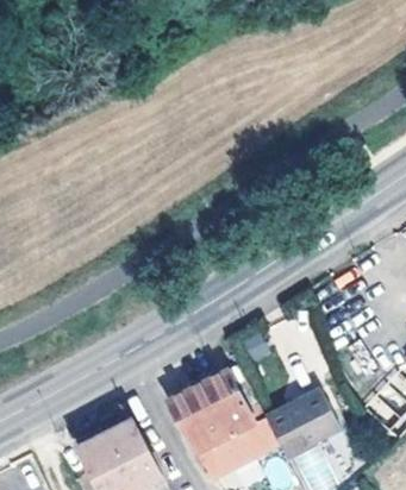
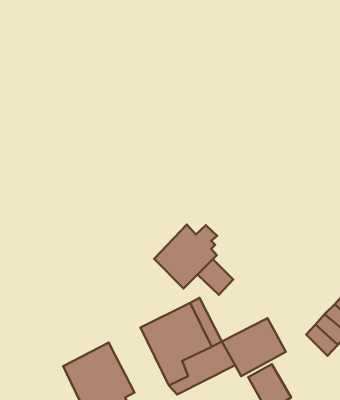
building: none -> [154,225,217,288]

